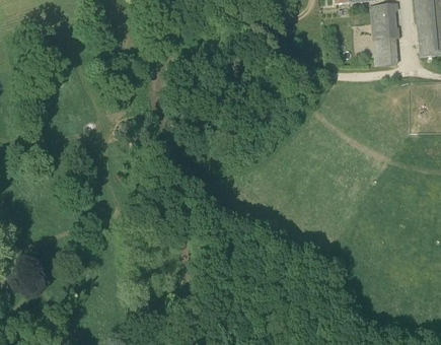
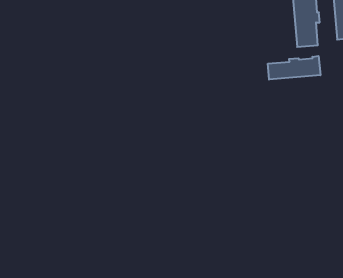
building: none -> [268,56,320,80]

